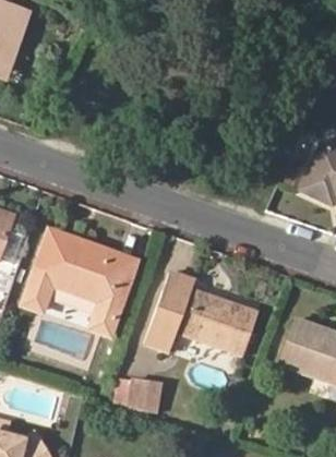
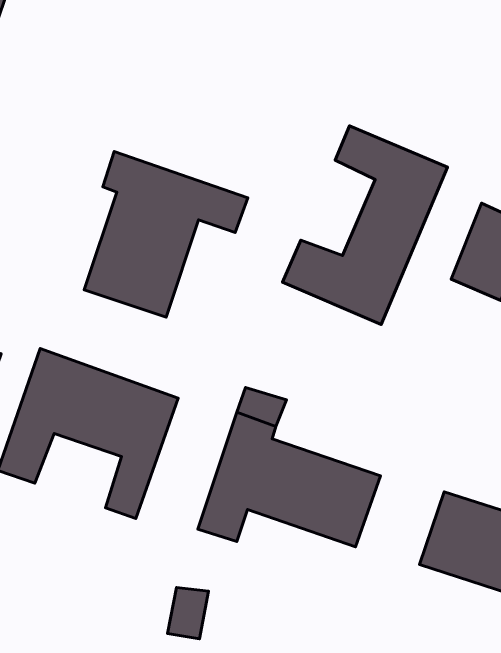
building: none -> [282,126,447,324]
building: none -> [84,151,248,317]

